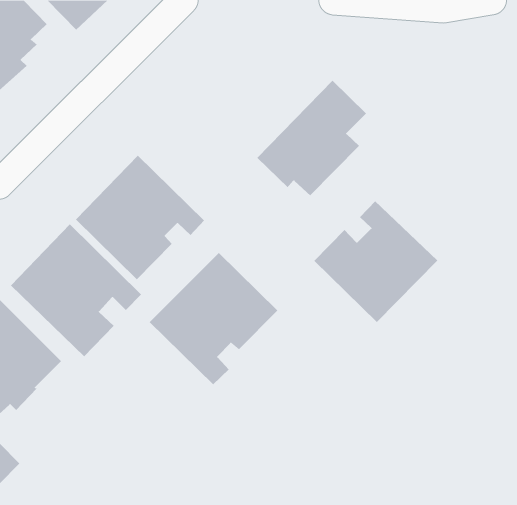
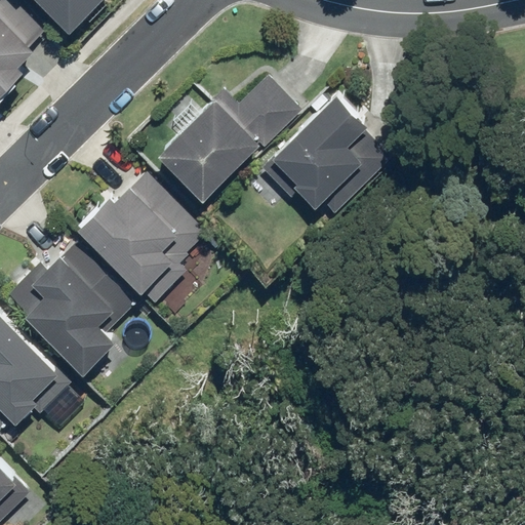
building: none -> [155,77,302,202]
building: [313,200,438,323] -> none
building: [149,252,278,385] -> none

